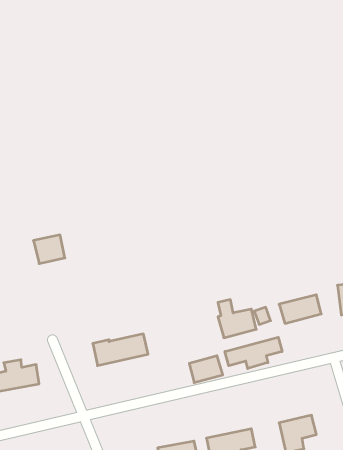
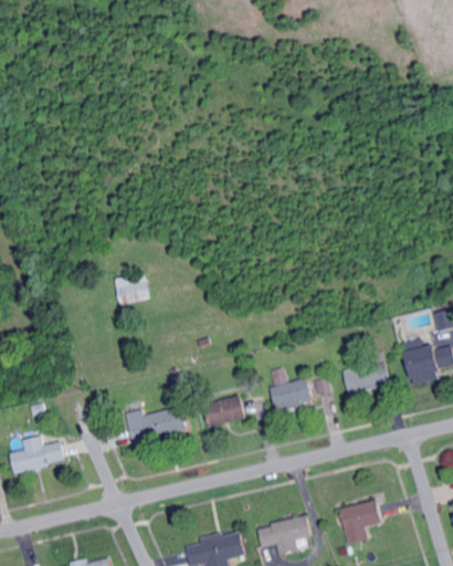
building: [33,235,65,264] -> [114,272,150,305]
building: [225,337,282,369] -> none
building: [189,356,223,383] -> [208,396,246,427]

